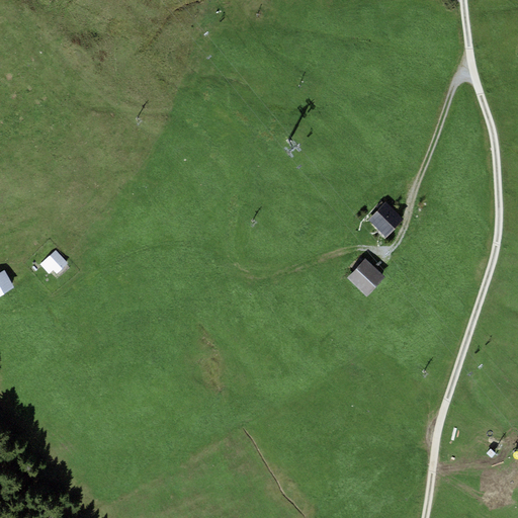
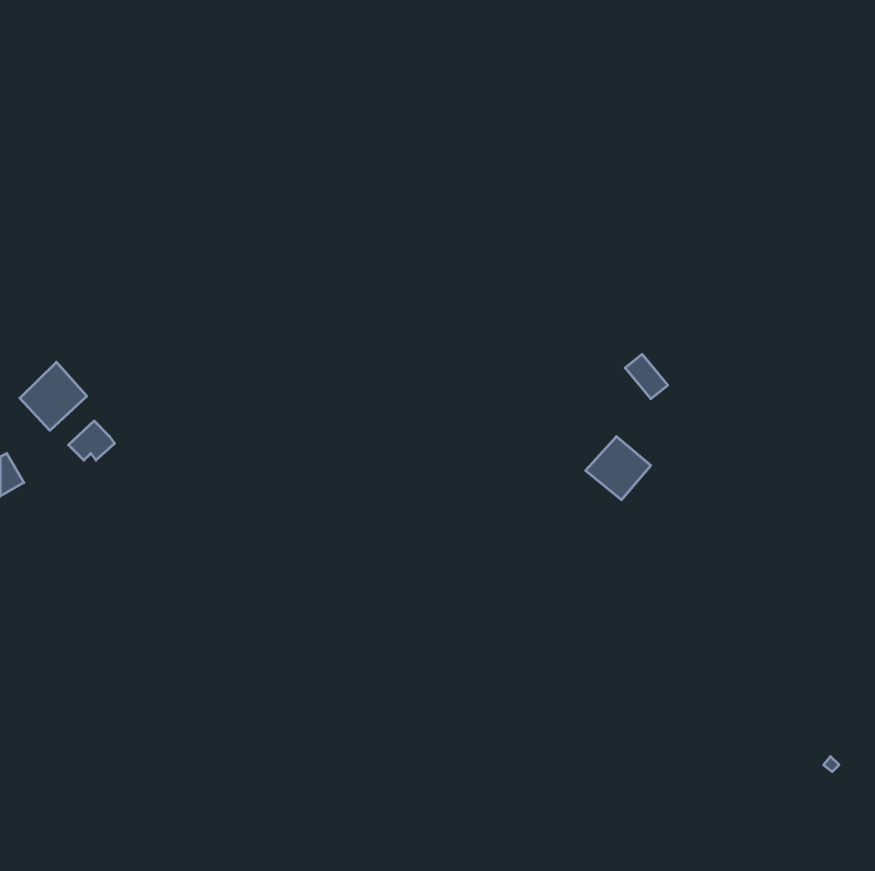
building: none -> [20,362,87,430]

